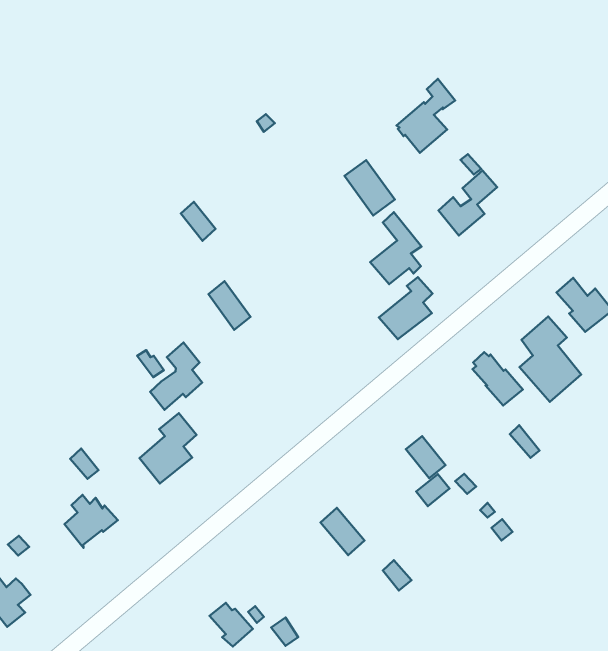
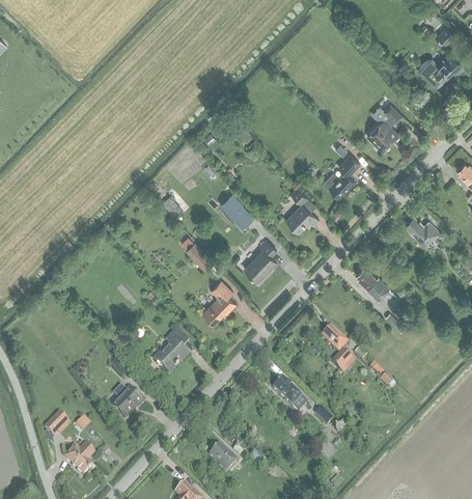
building: [396,79,455,153] -> [367,104,402,151]
building: [345,160,395,215] -> [220,193,253,227]
building: [379,277,432,339] -> [244,241,277,281]
building: [520,316,581,402] -> none
building: [150,343,202,410] -> [203,280,235,324]

